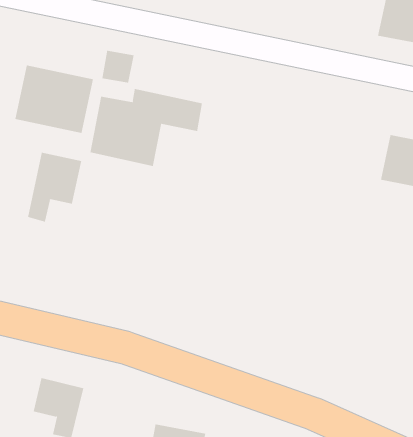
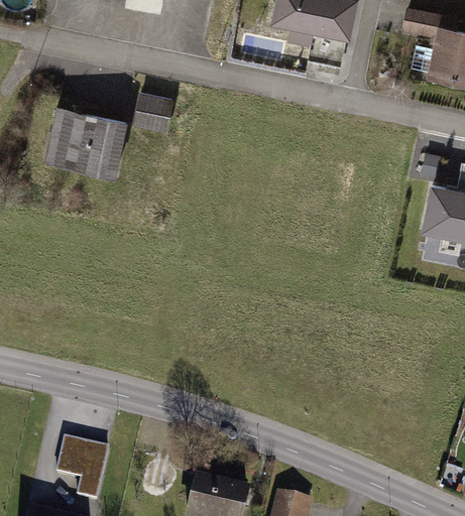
building: [90,88,203,167] -> none
building: [28,152,82,222] -> none

